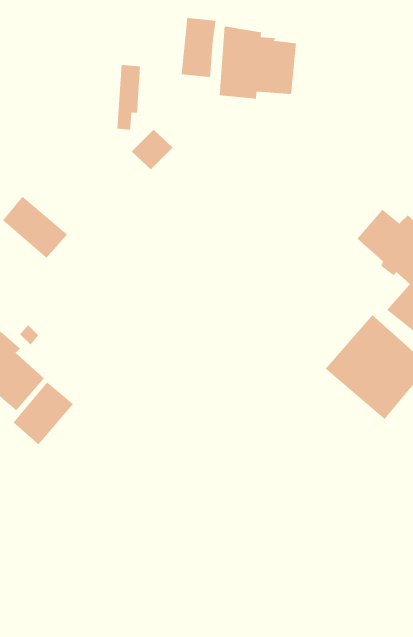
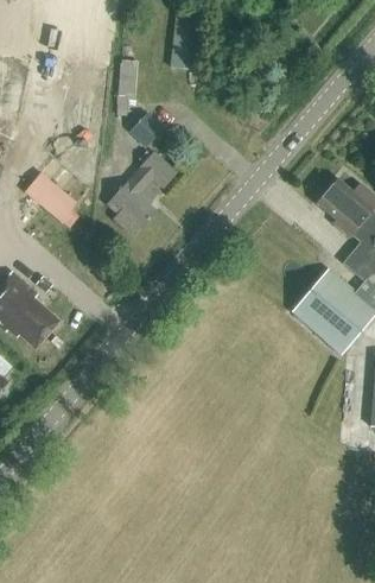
building: [219,26,297,100] -> none
building: none -> [108,151,177,233]
building: [13,382,74,445] -> none

